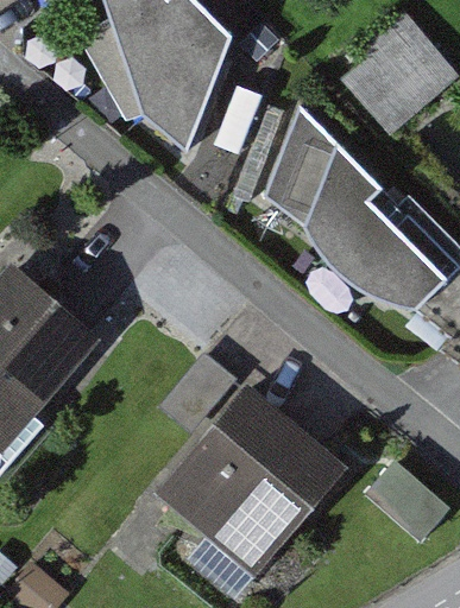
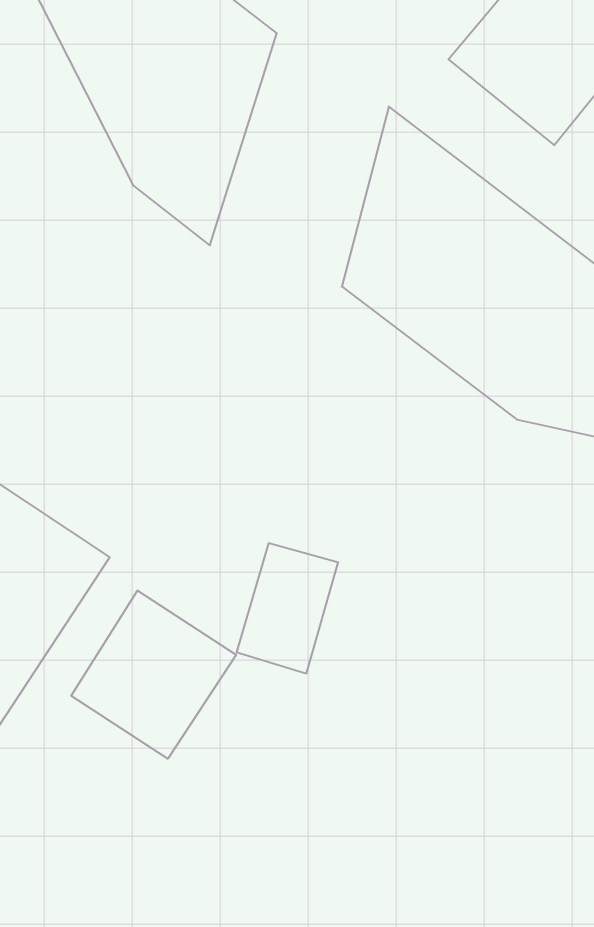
building: none -> [71,590,236,759]
building: [160,404,330,574] -> none

